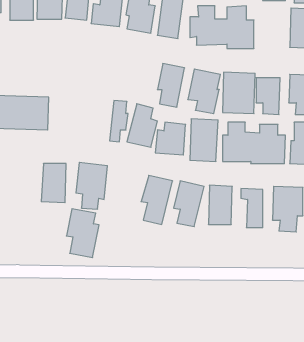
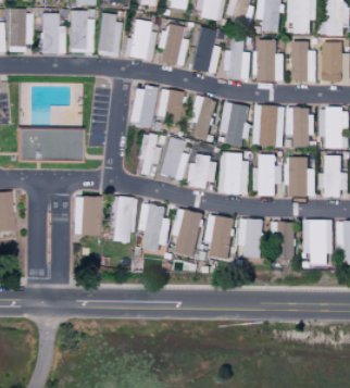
building: none -> [292,41,320,82]
building: none -> [127,86,184,127]
building: [66,209,99,258] -> [139,203,172,252]

